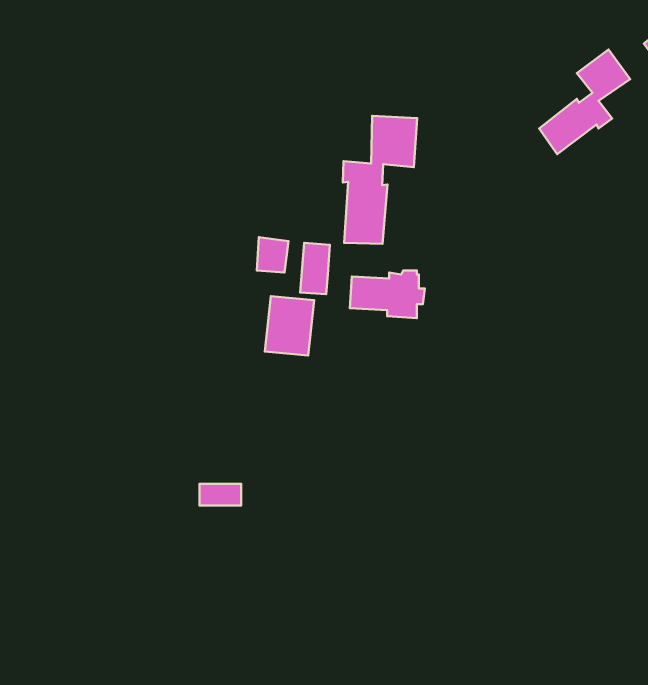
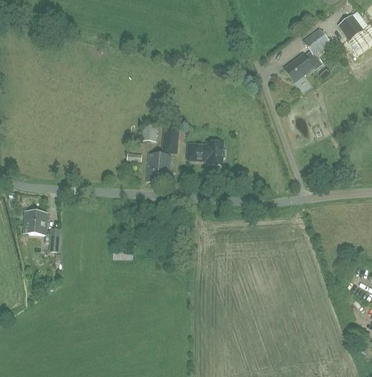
building: [343,116,417,244] -> none
building: none -> [25,210,61,250]

